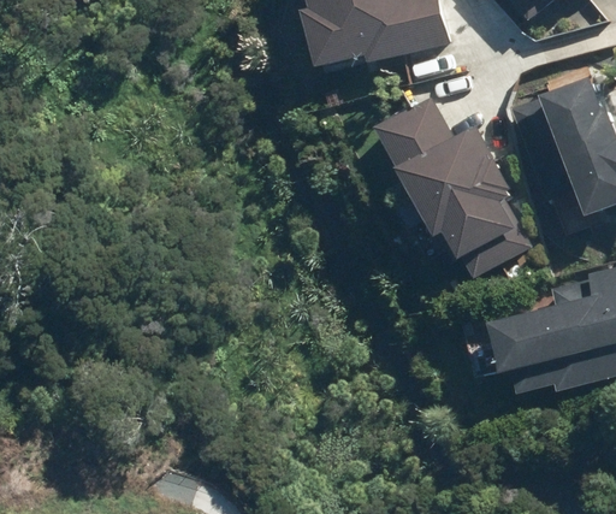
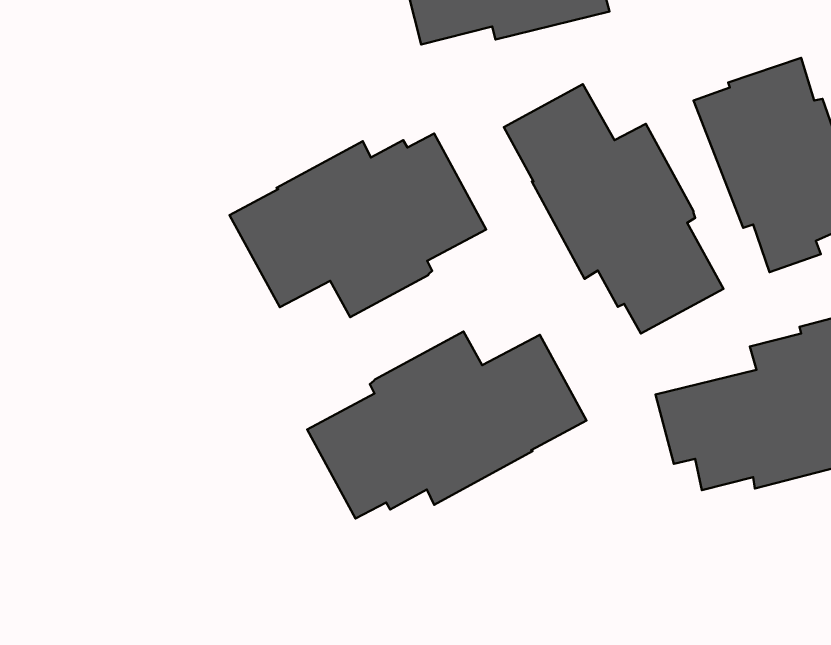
building: none -> [230,134,486,317]
building: none -> [307,332,586,519]

